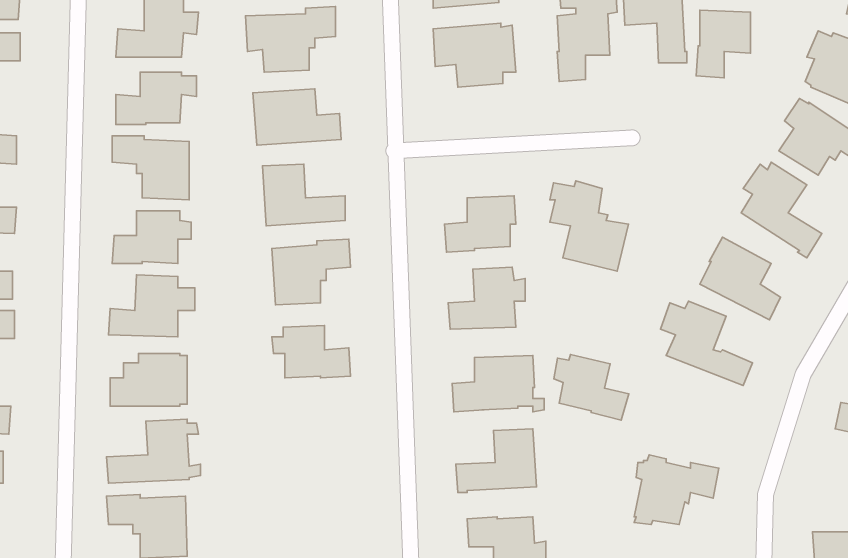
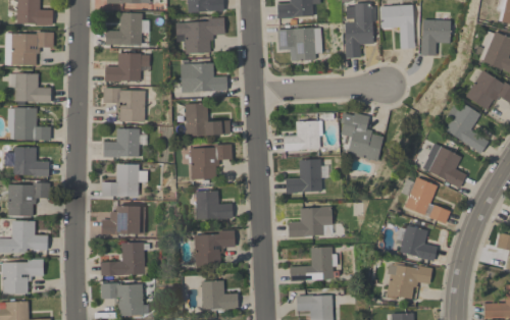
building: [554,354,629,420] -> [397,225,438,261]
building: none -> [194,229,236,267]
building: none -> [201,280,239,310]

